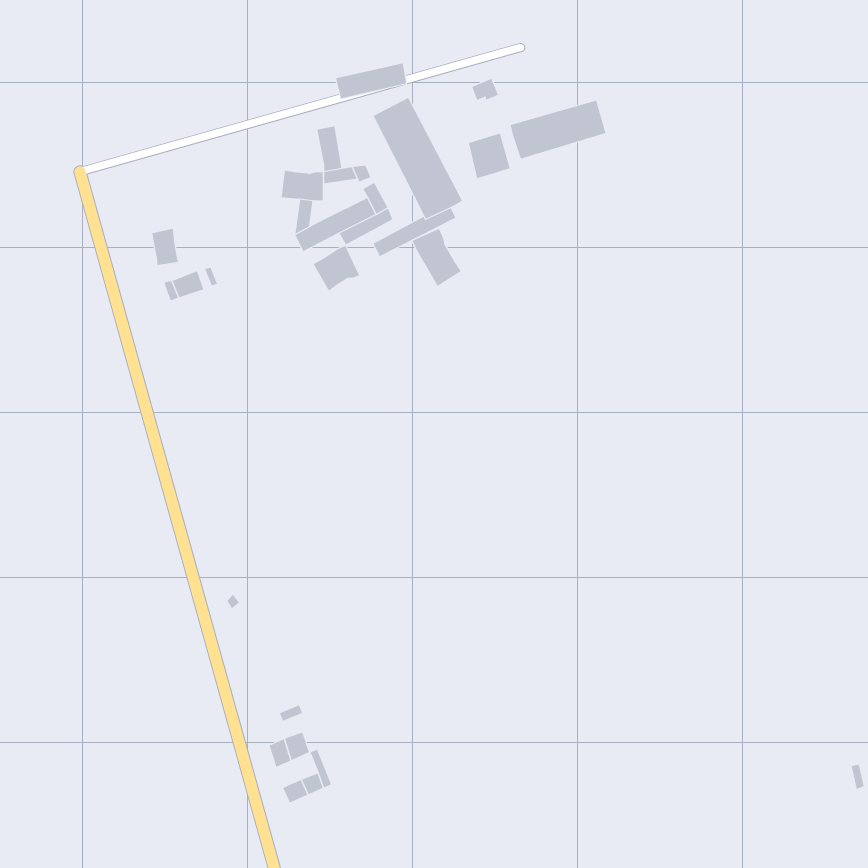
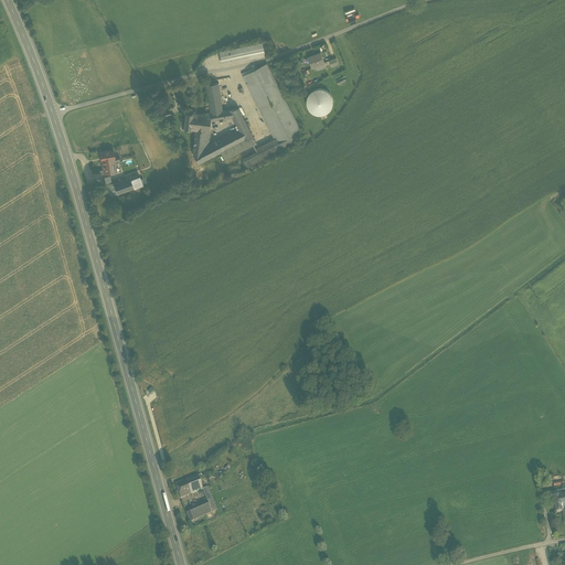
building: [510,100,606,159] -> none
building: [412,228,461,287] -> none
building: [313,245,360,291] -> none

